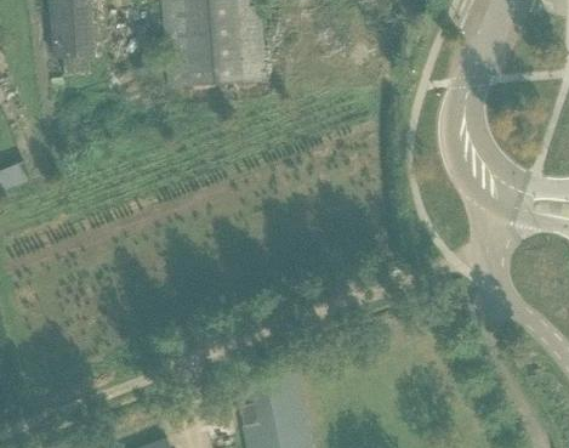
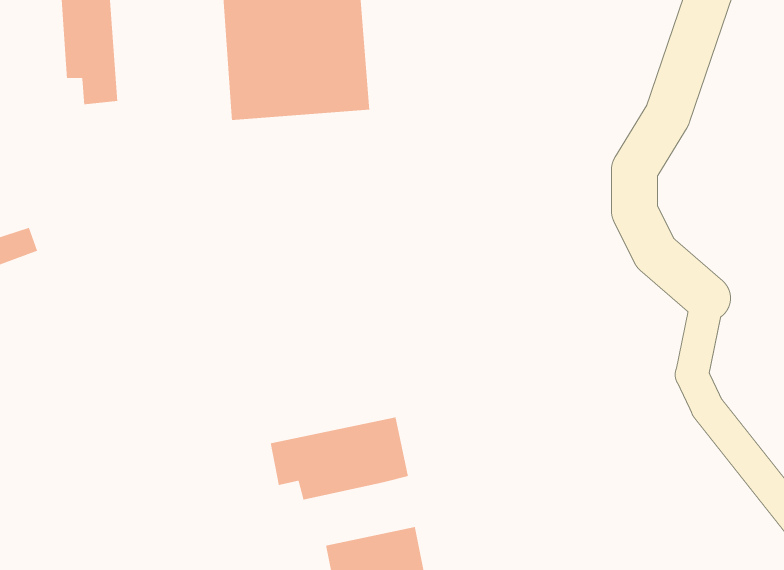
building: none -> [270,416,409,501]

